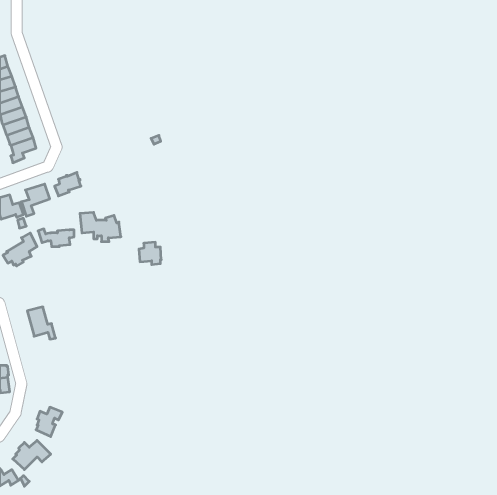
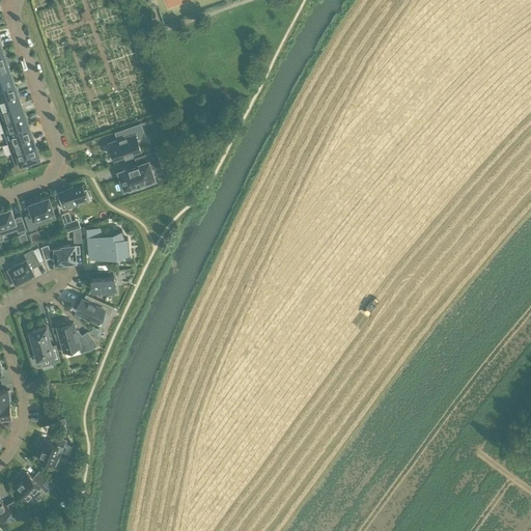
building: none -> [108,125,144,160]
building: none -> [118,153,160,194]
building: [139,242,161,265] -> [90,273,114,297]
building: none -> [75,297,113,323]
building: none -> [56,325,96,355]

